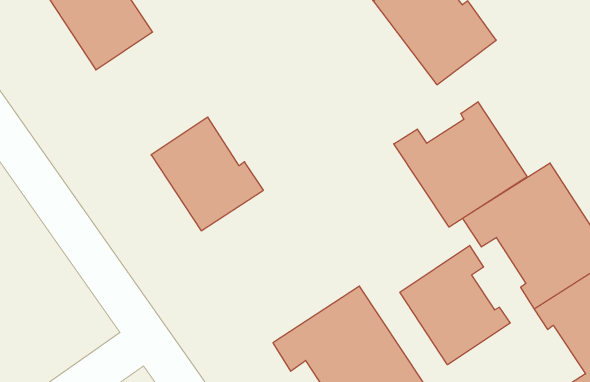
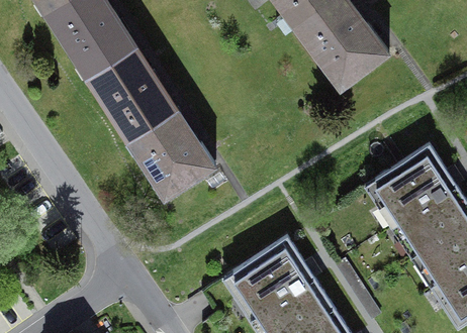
building: none -> [88,46,172,138]
building: [394,102,527,227] -> none
building: [400,245,510,365] -> none

